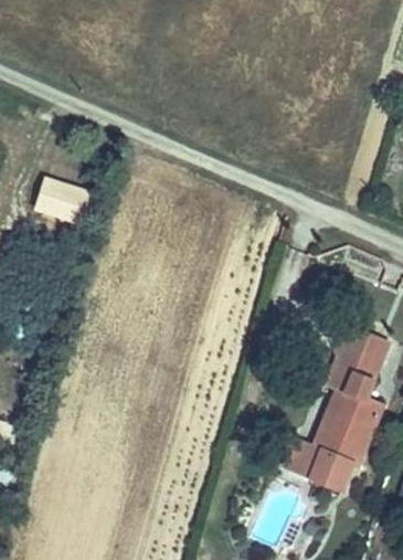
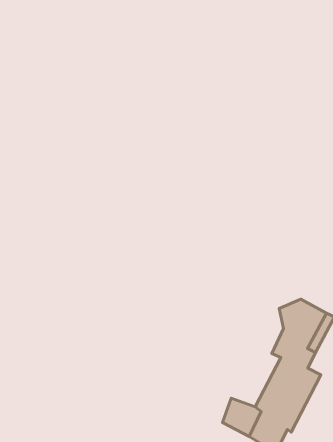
building: [35,179,91,218] -> none

